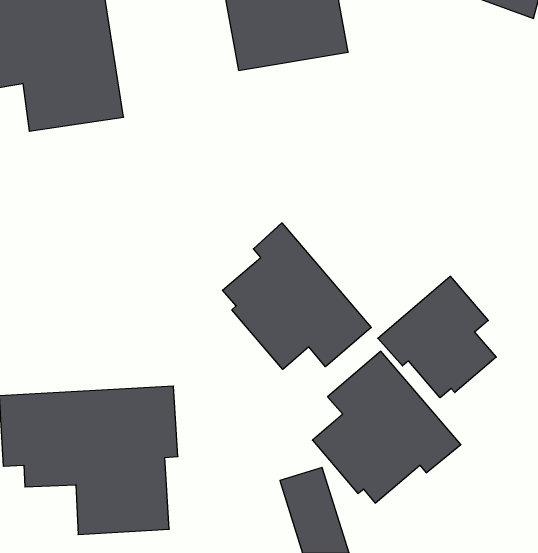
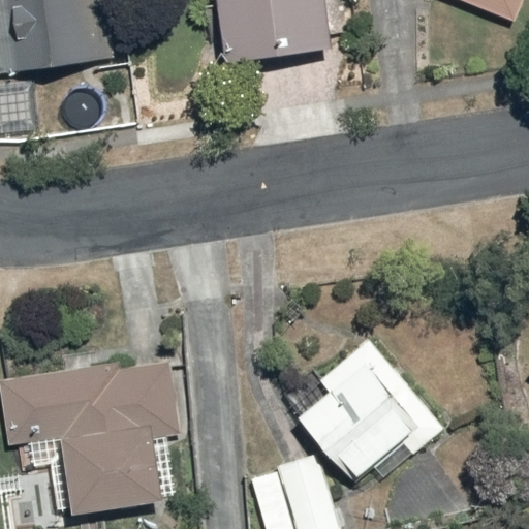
building: [223,223,371,369] -> none
building: [378,276,496,398] -> none

